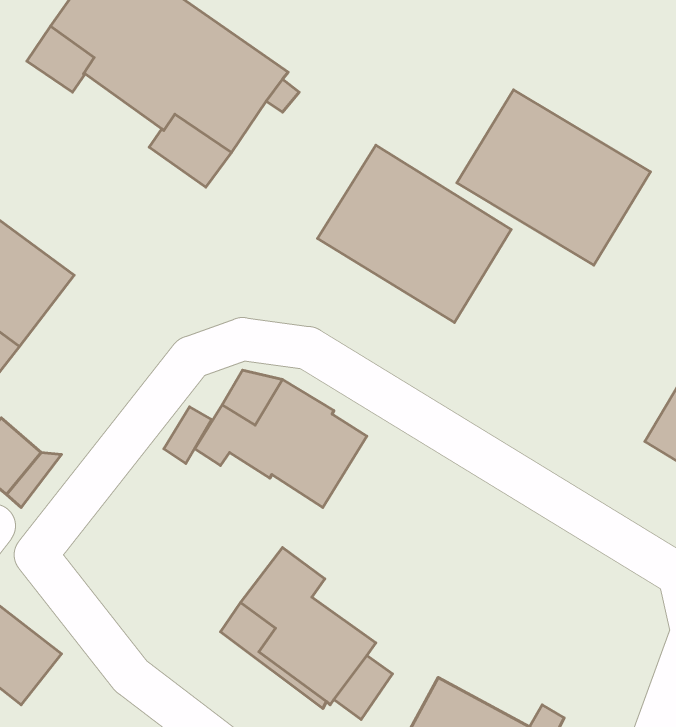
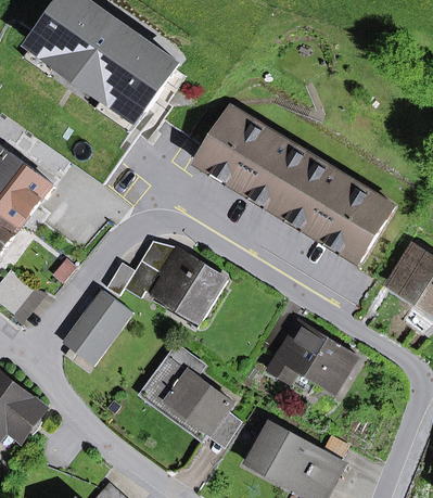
building: [457,90,651,265] -> [278,156,393,260]
building: none -> [67,293,131,363]
building: none -> [268,319,356,393]

